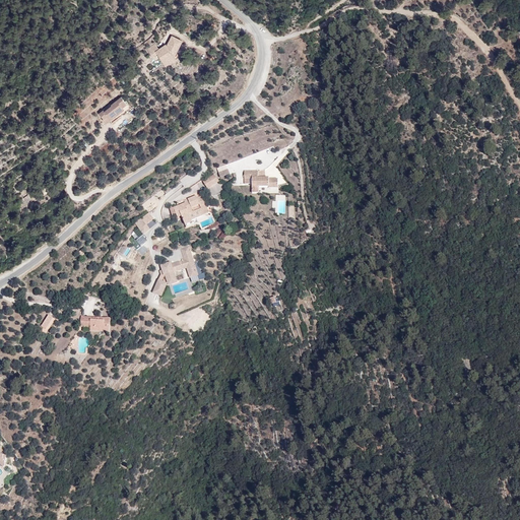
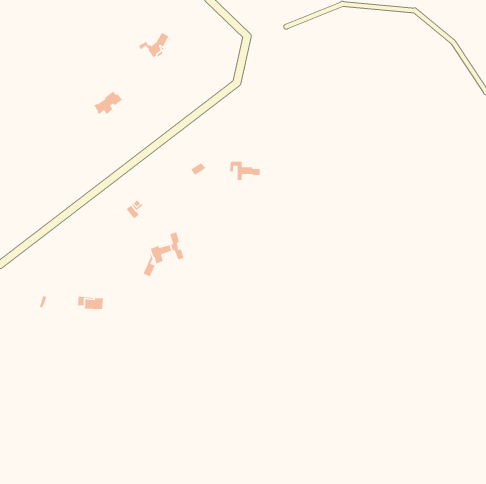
building: [174,196,209,225] -> none

